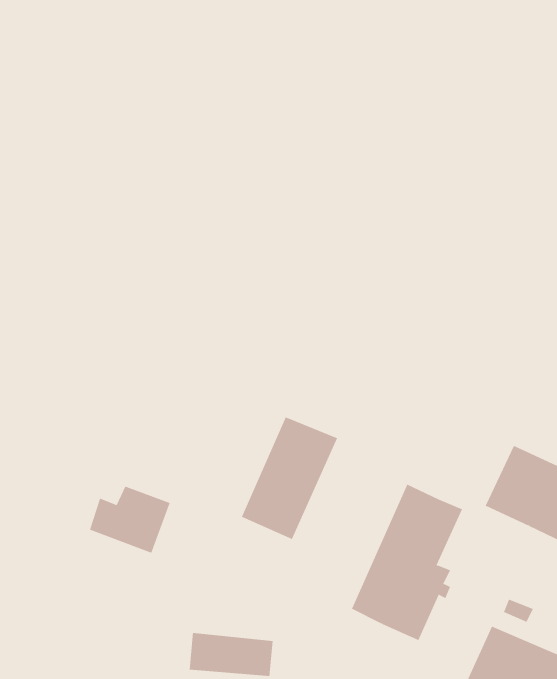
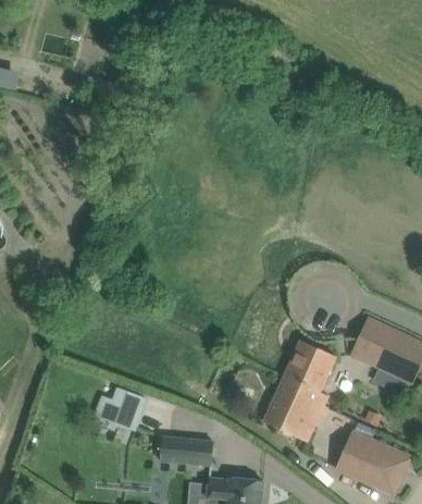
building: [241,416,338,540] -> none
building: [89,486,170,553] -> [92,388,145,431]

